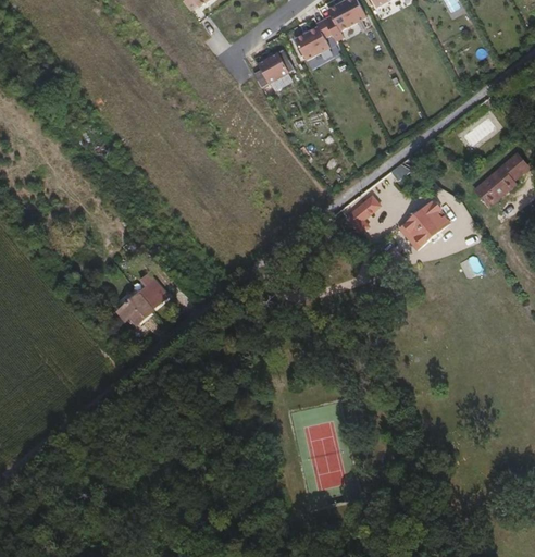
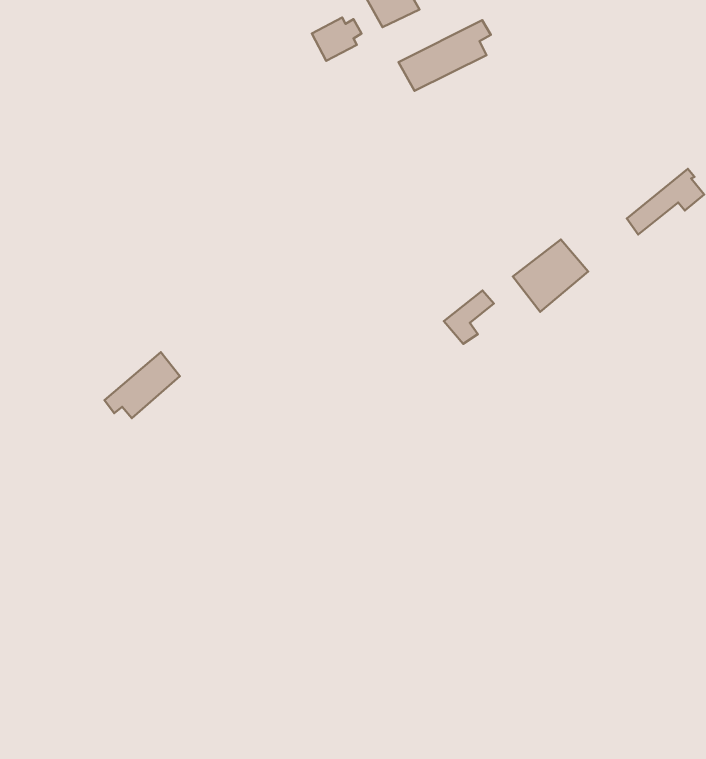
building: none -> [399,20,491,91]
building: [345,195,378,231] -> [444,291,494,344]

